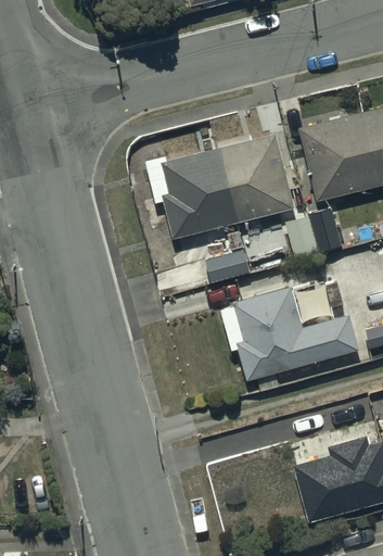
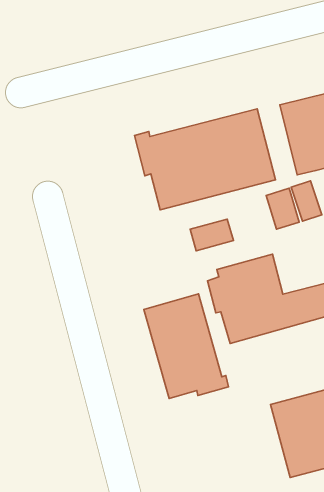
building: none -> [144,294,229,398]

